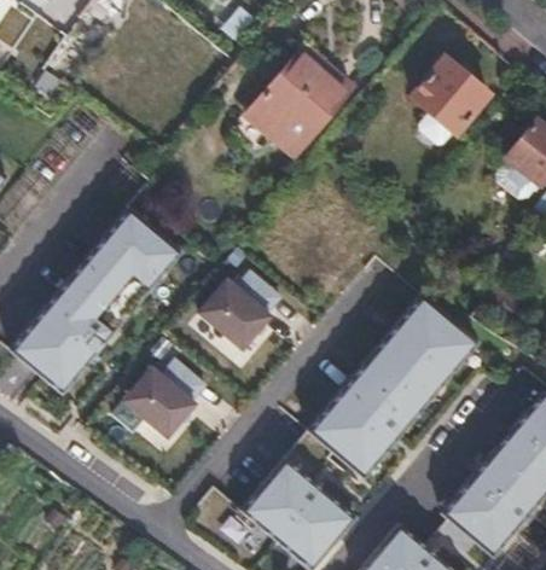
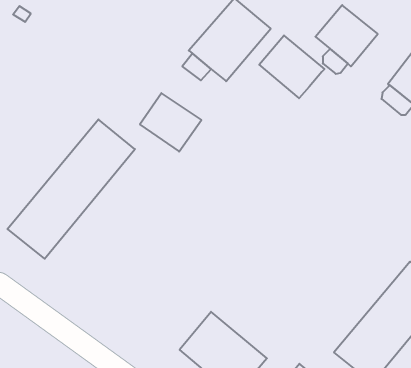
building: none -> [259,35,324,98]
building: [199,277,279,353] -> [140,93,201,152]
building: [306,293,470,473] -> none
building: [123,359,215,441] -> none

